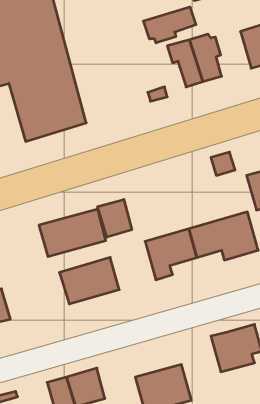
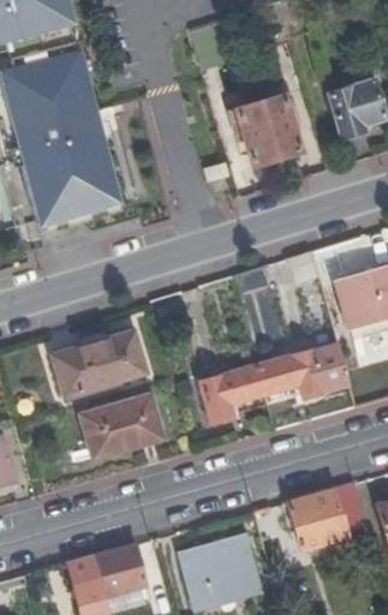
building: [143,7,196,43] -> none
building: [98,199,132,237] -> none

